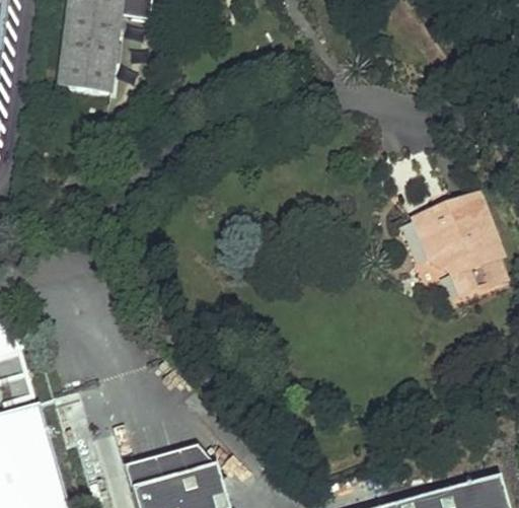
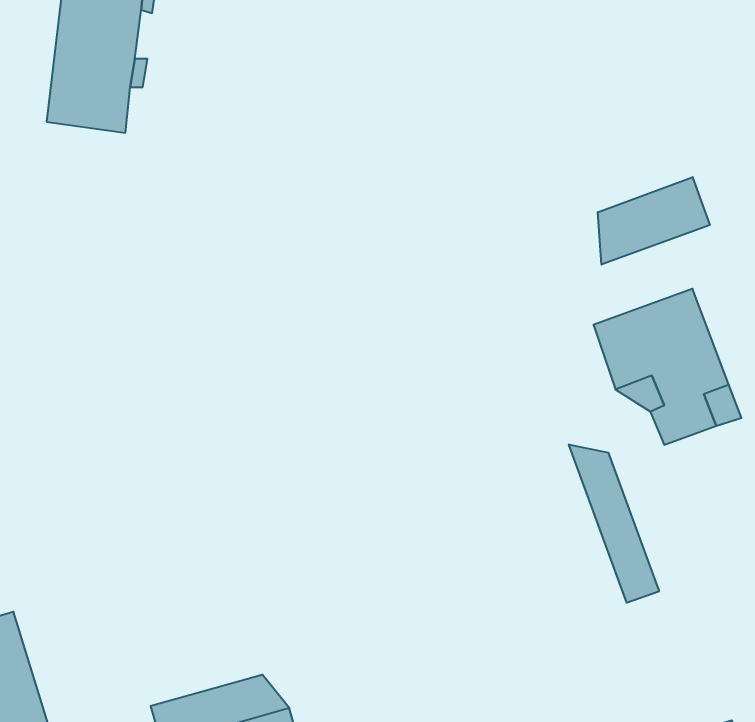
building: none -> [598,177,710,265]
building: none -> [569,444,659,603]

